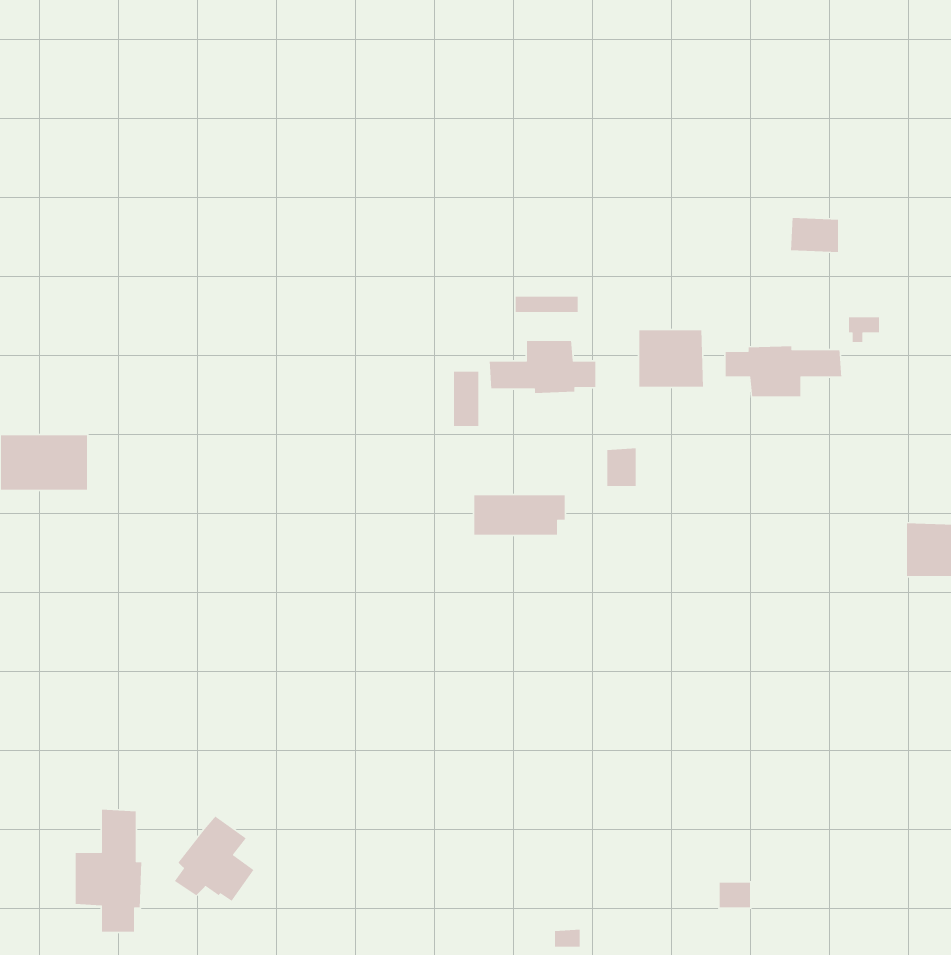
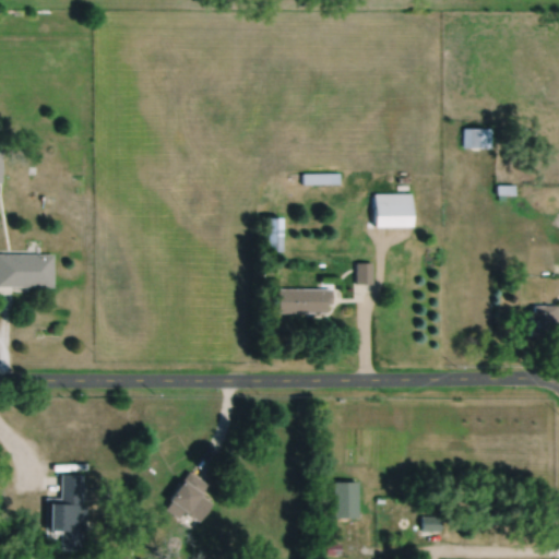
building: [489,340,596,394] -> none
building: [725,345,842,397] -> none
building: [174,816,254,902] -> [165,471,212,521]
building: none -> [333,480,358,518]

